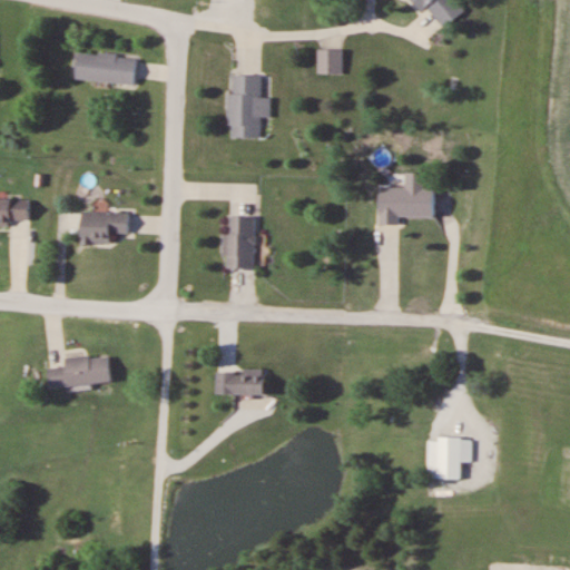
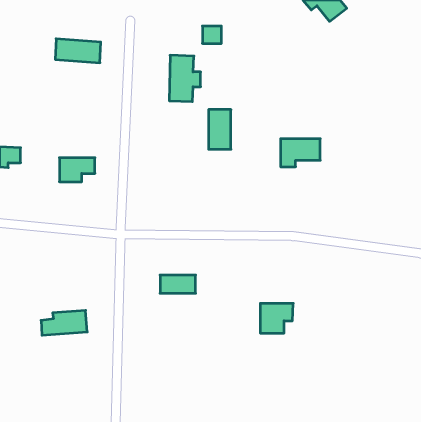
building: [317,50,343,73] -> [202,26,221,43]
building: [225,216,255,269] -> [209,110,231,149]
building: [48,355,110,389] -> [41,310,87,335]
building: [428,439,472,479] -> [260,303,293,333]

